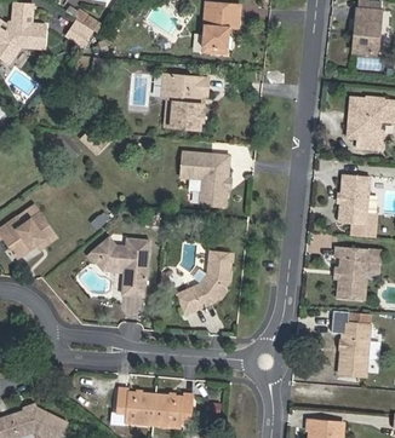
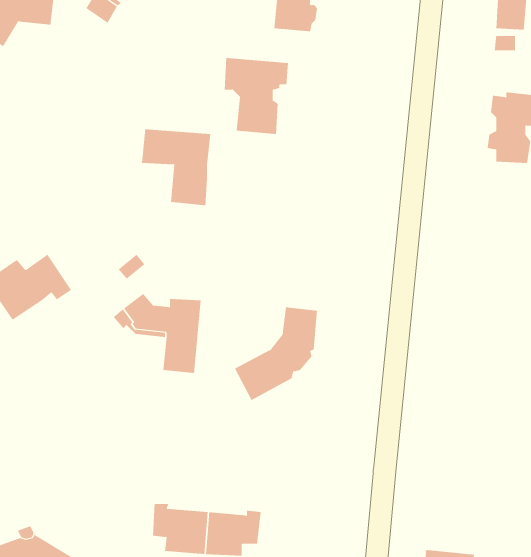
building: [182,151,231,206] -> [141,129,211,206]
building: [339,175,377,238] -> none
building: [332,246,365,301] -> none
building: [340,324,371,380] -> none

